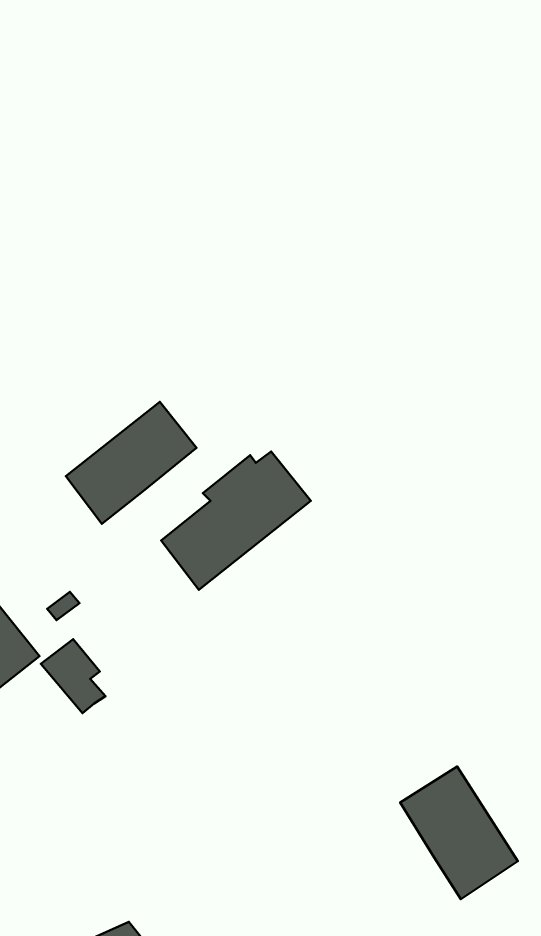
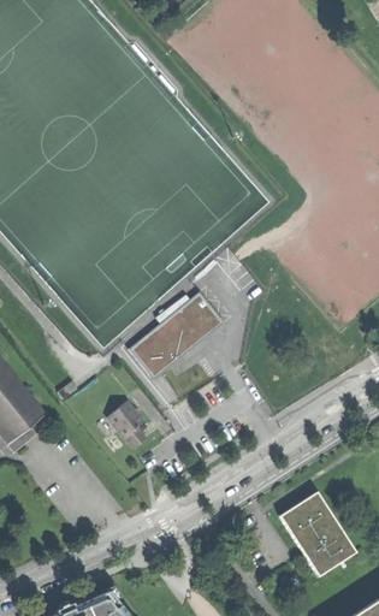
building: [66,402,197,524] -> none
building: [41,639,105,713] -> [108,401,149,448]

